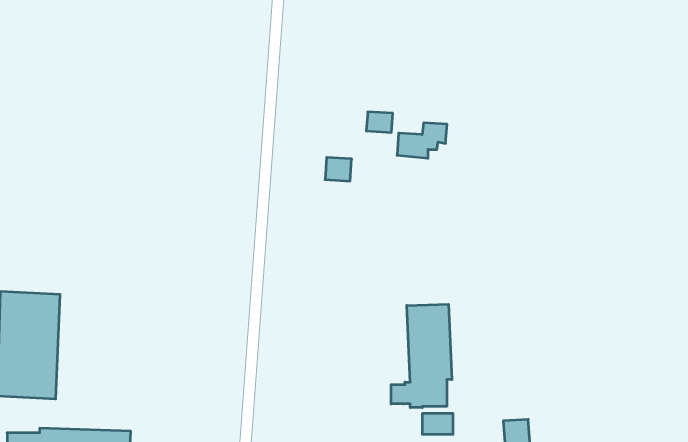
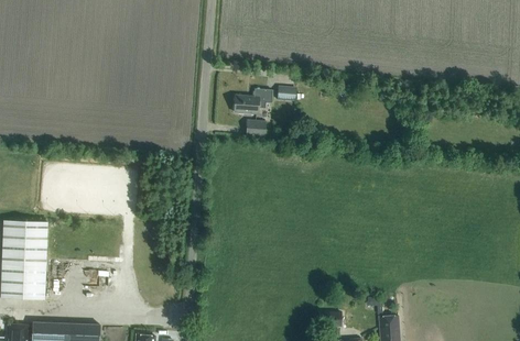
building: [397,123,447,158] -> [236,88,273,114]
building: [391,304,452,408] -> none

